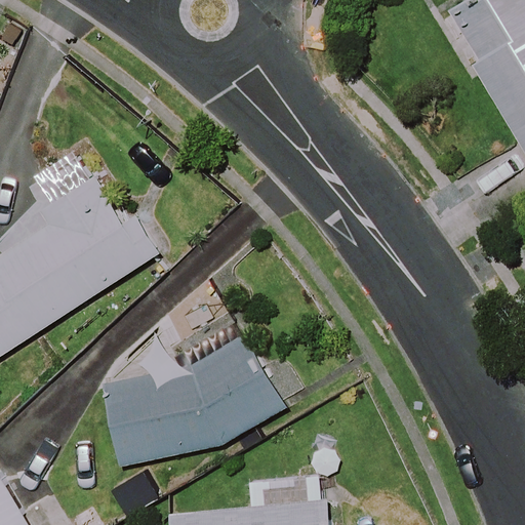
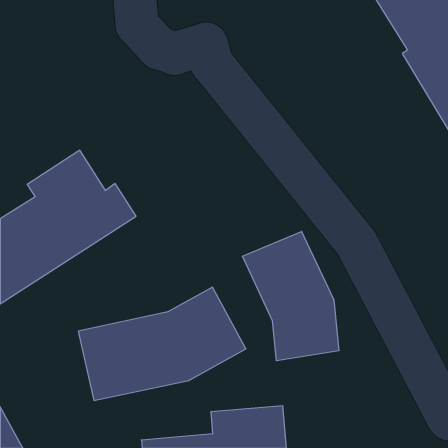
building: none -> [242,231,339,361]

